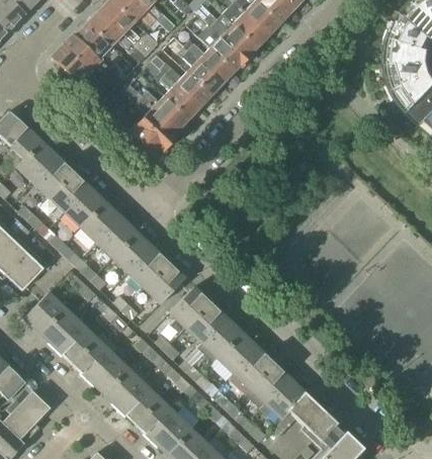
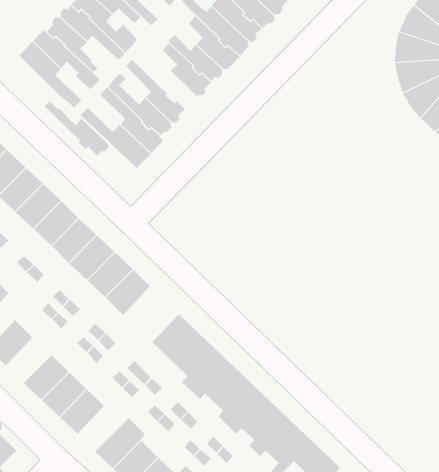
building: [153,56,211,105] -> [44,100,110,156]
building: [145,262,185,303] -> none
building: [40,307,81,348] -> none
building: [104,368,150,408] -> none

